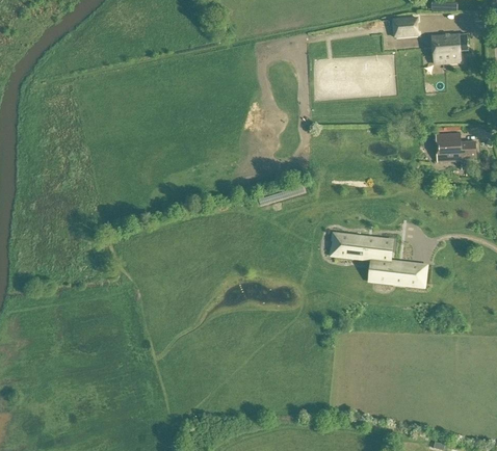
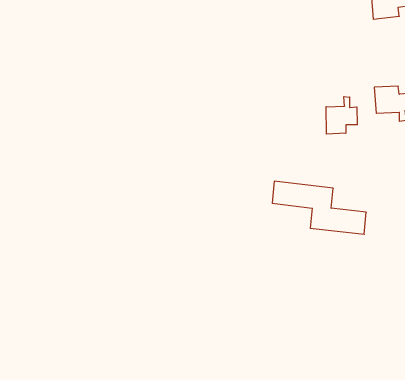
building: none -> [326,97,357,134]

